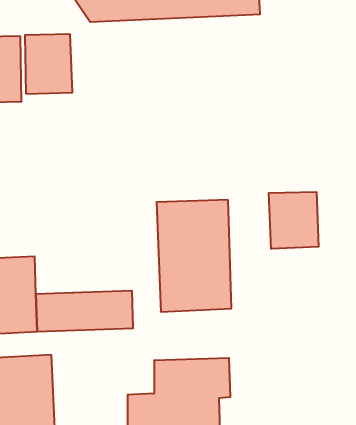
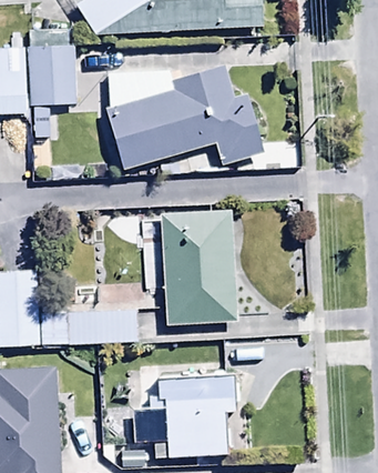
building: none -> [104,67,262,170]
building: [269,192,319,249] -> none

